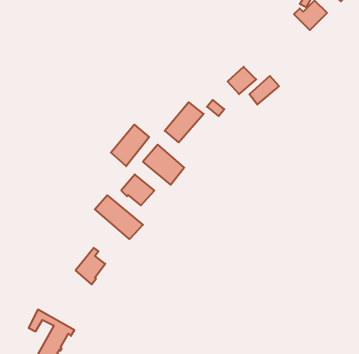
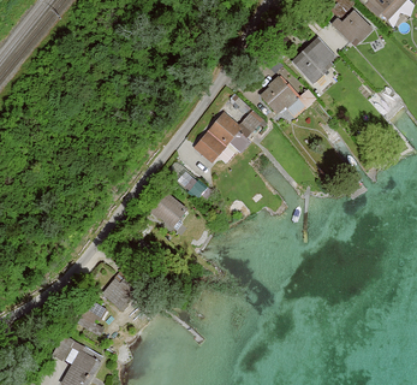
building: none -> [294,45,329,79]
building: [111,125,149,166] -> none
building: [95,195,143,239] -> none

